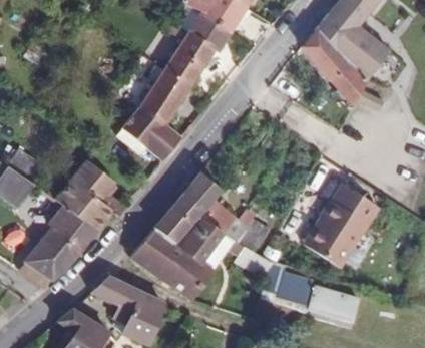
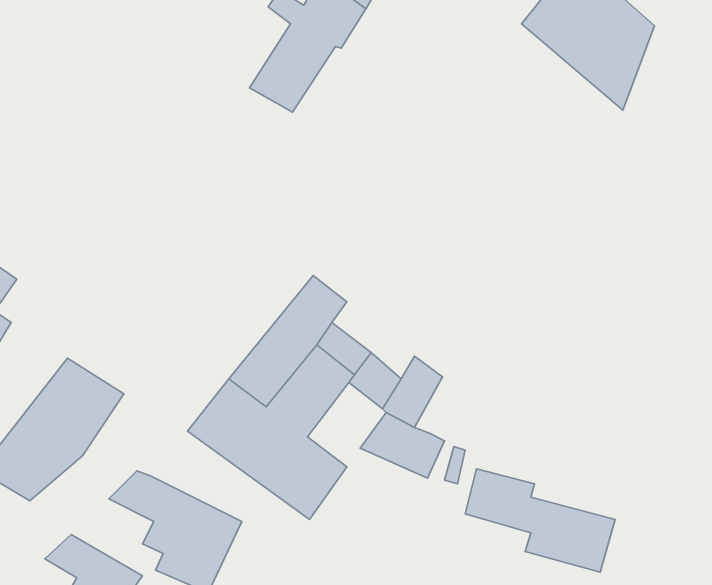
building: [296,36,364,103] -> none
building: [122,70,187,163] -> none
building: [55,165,128,234] -> none
building: [301,185,375,269] -> none

